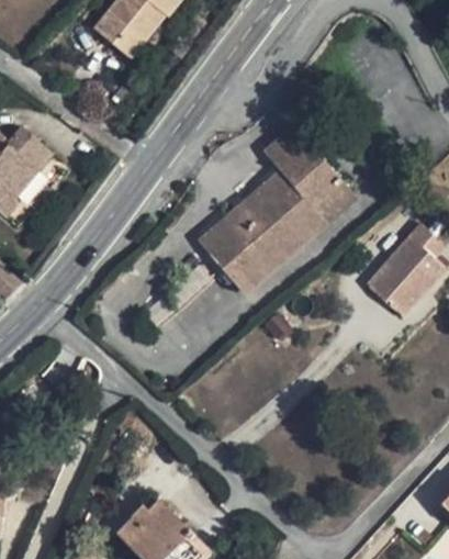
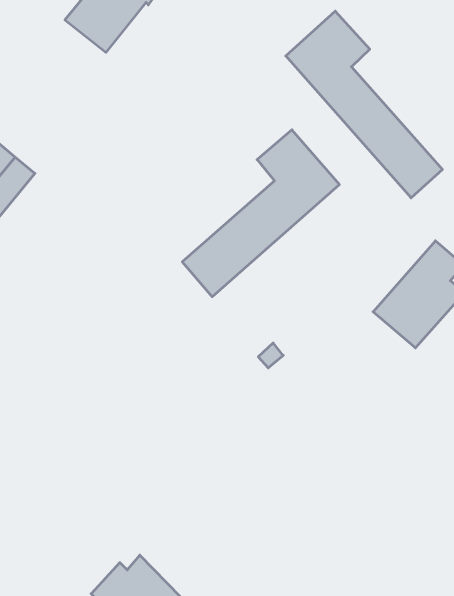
building: none -> [286,11,442,198]
building: [223,172,356,295] -> none

